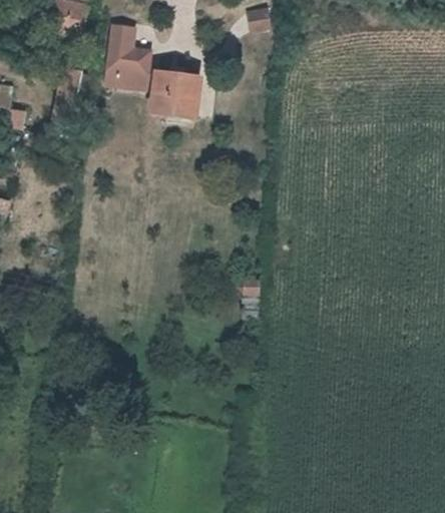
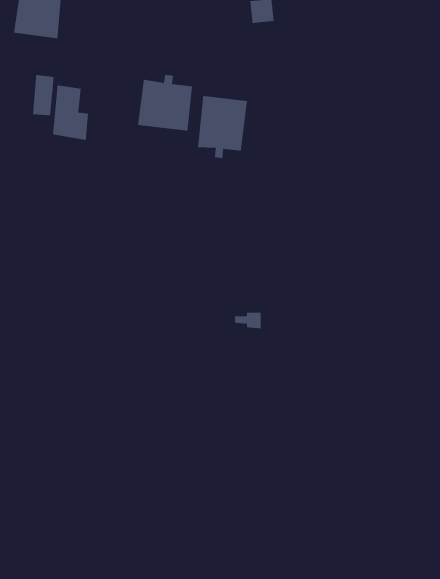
building: [108,33,139,80] -> [52,85,89,141]
building: none -> [197,95,248,159]

